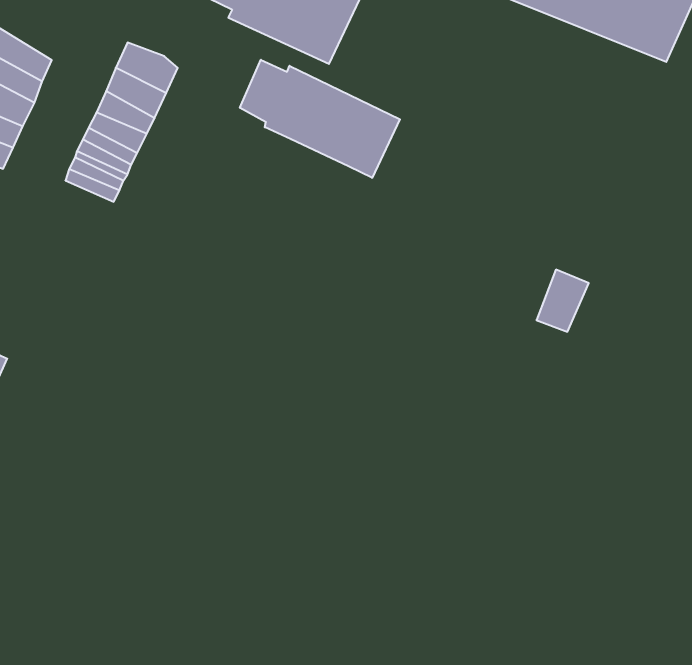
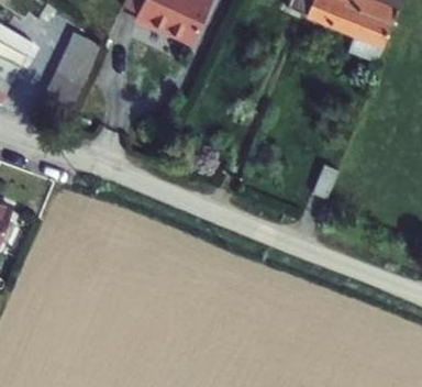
building: [240,60,400,178] -> none

